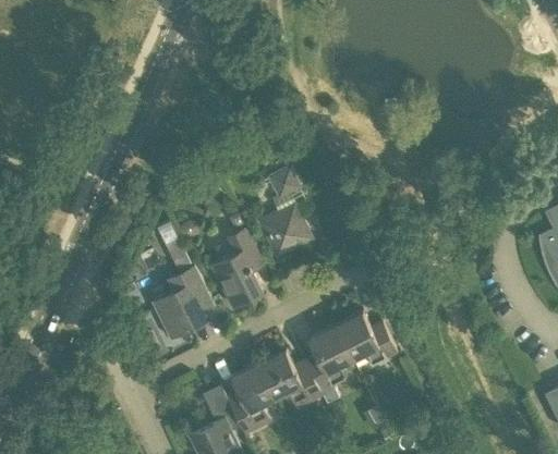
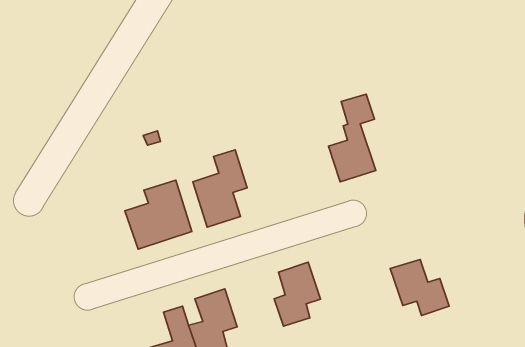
building: [262,165,311,254] -> [329,94,376,182]
building: [336,311,398,365] -> [390,260,449,315]
building: [259,349,324,407] -> none

